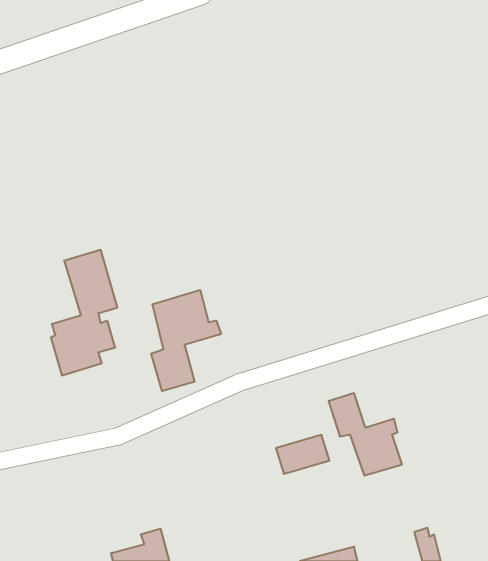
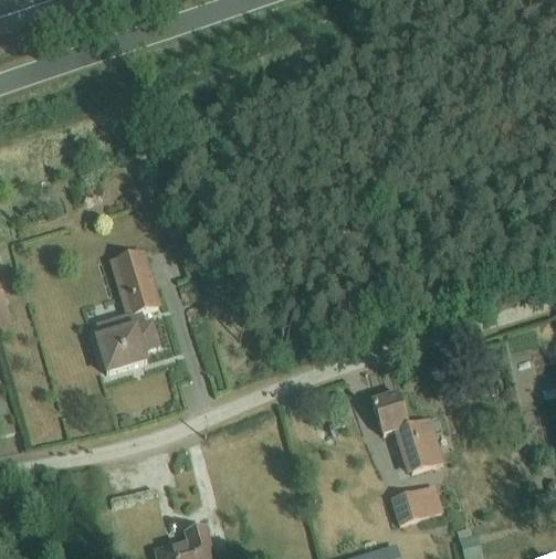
building: [151,290,221,391] -> none
building: [276,435,329,474] -> [389,485,442,524]

